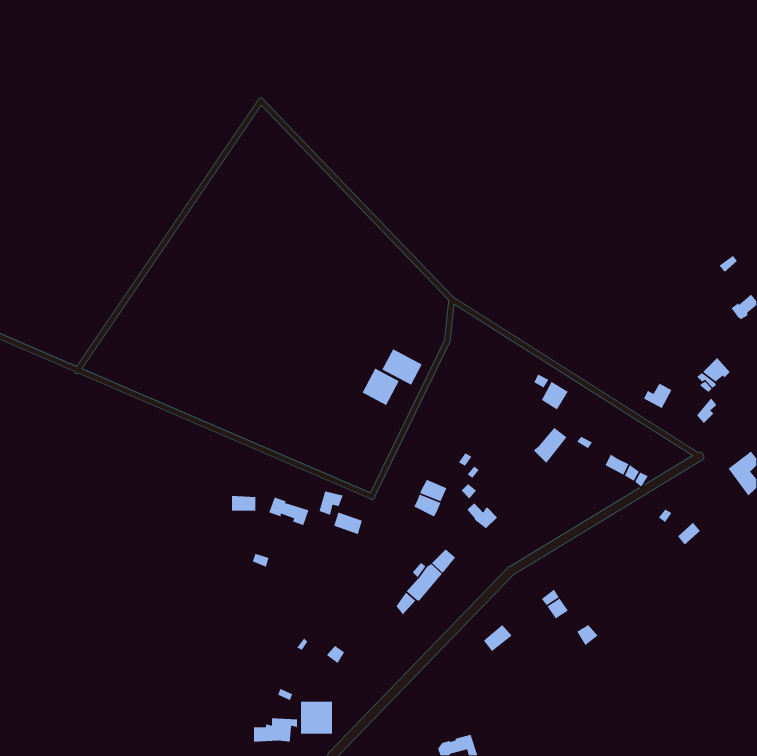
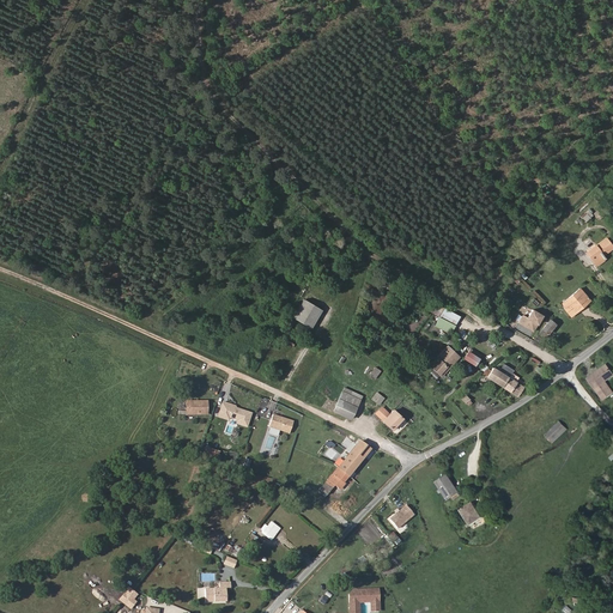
building: [381,348,423,386] -> none
building: [300,701,333,734] -> none

